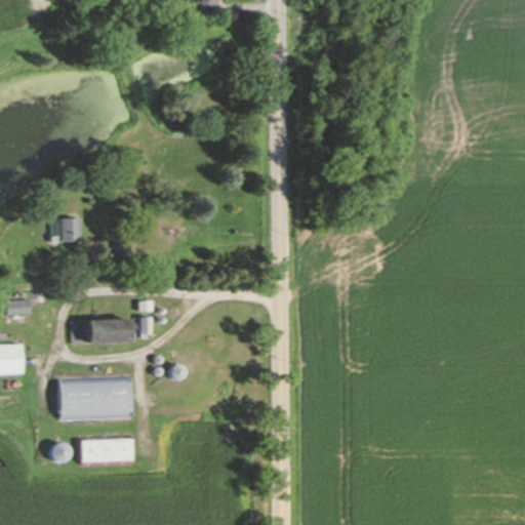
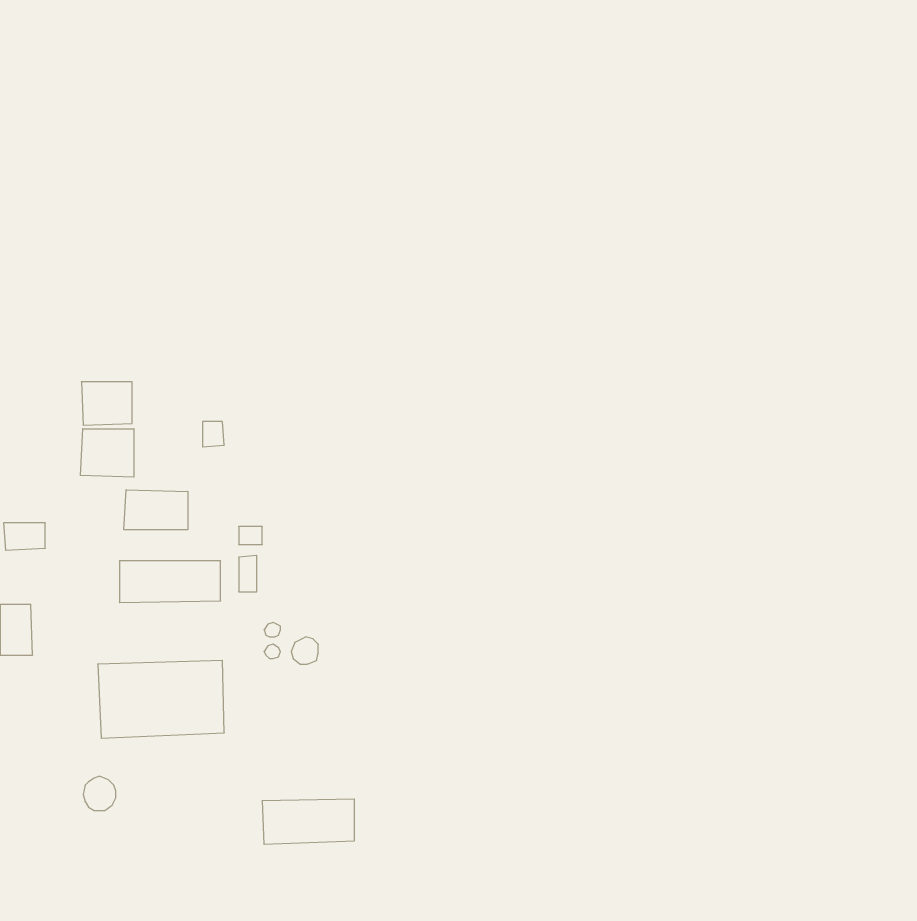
building: none -> [80,429,134,477]
building: none -> [124,490,188,530]
building: [80,438,132,463] -> [262,799,354,844]

